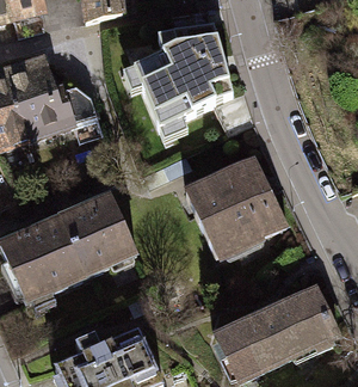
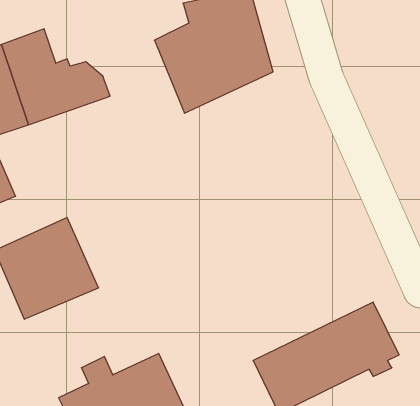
building: [186,159,286,256] -> none
building: [61,195,137,275] -> none

